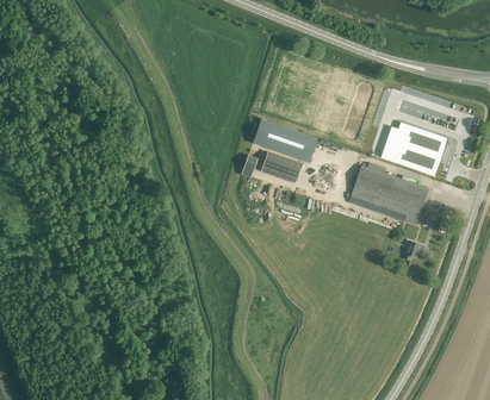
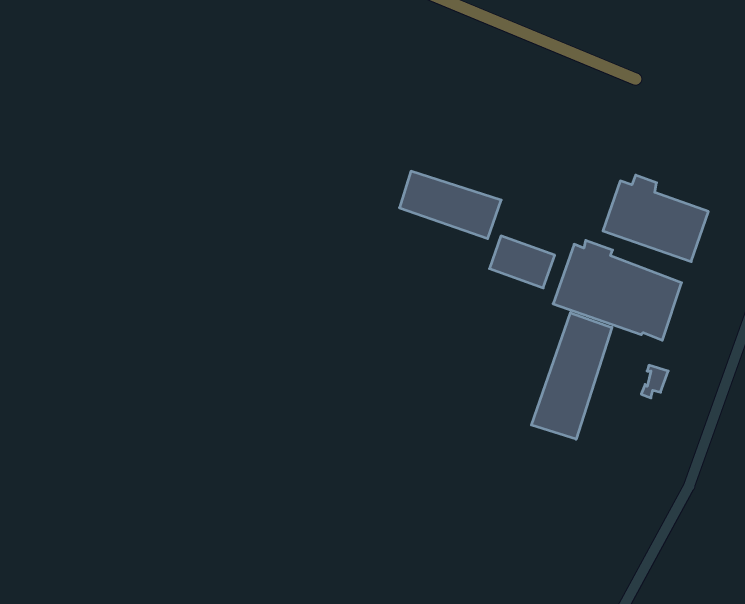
building: [260,150,300,182] -> [489,236,555,288]
building: none -> [531,313,612,439]

